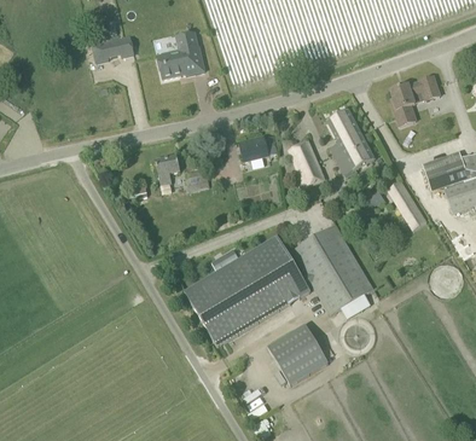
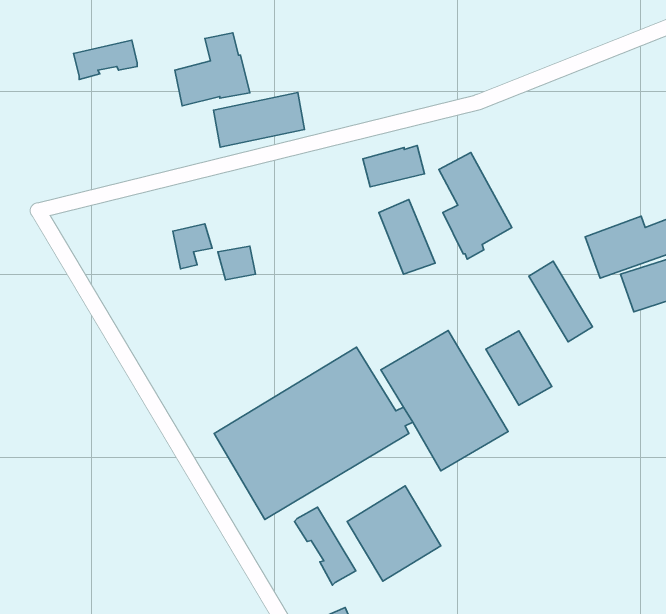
building: none -> [214,92,304,147]
building: [390,75,440,124] -> none
building: [238,134,278,161] -> [363,146,425,187]
building: none -> [486,331,552,405]
building: none -> [295,507,356,585]

